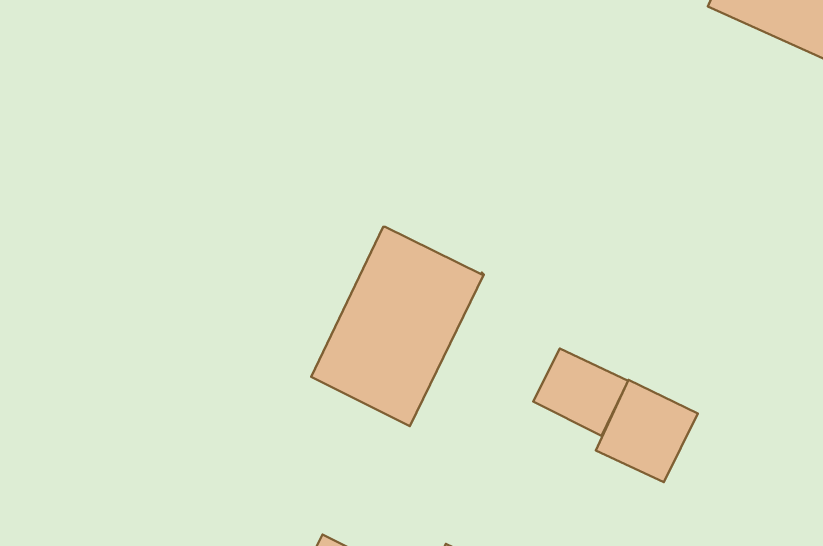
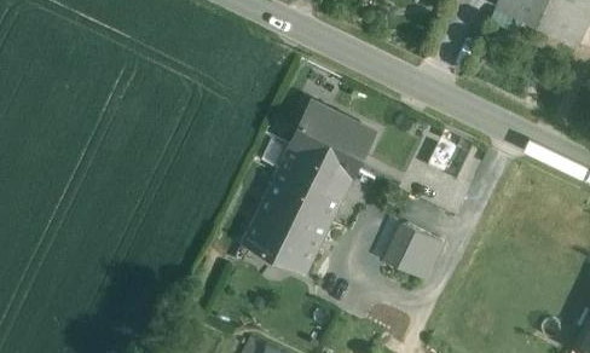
building: none -> [289,102,372,175]
building: [596,380,698,482] -> none

